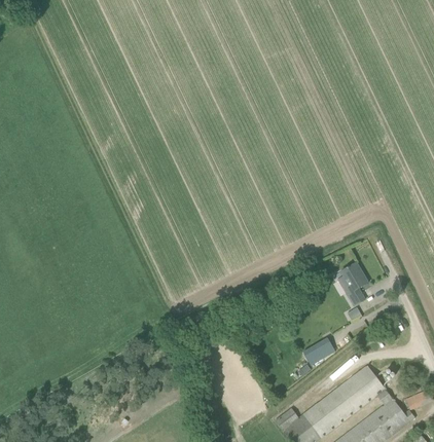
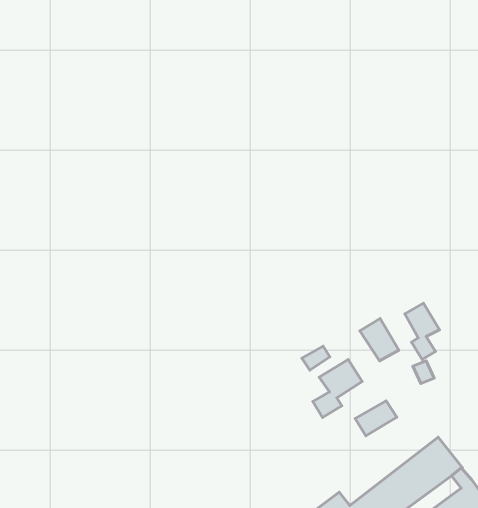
building: none -> [360,319,399,361]
building: none -> [313,360,362,417]

